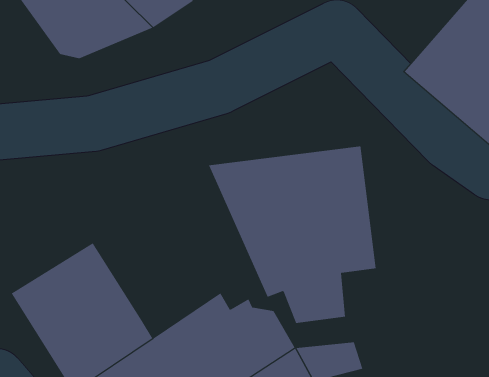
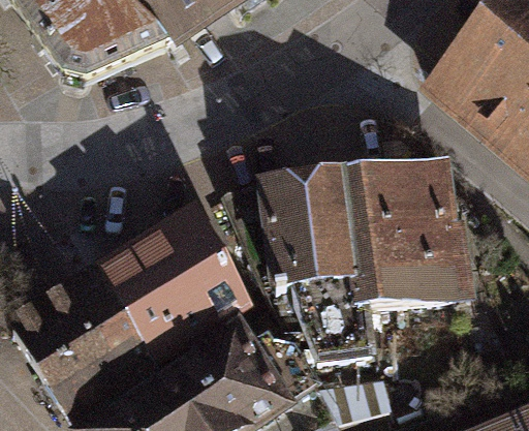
building: none -> [390,156,464,295]
building: none -> [103,208,248,350]

